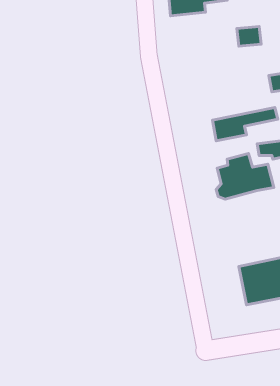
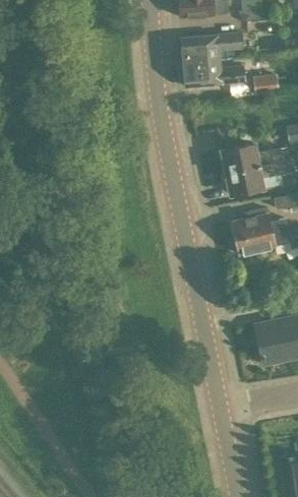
building: none -> [182,59,244,86]
building: none -> [221,142,291,172]

